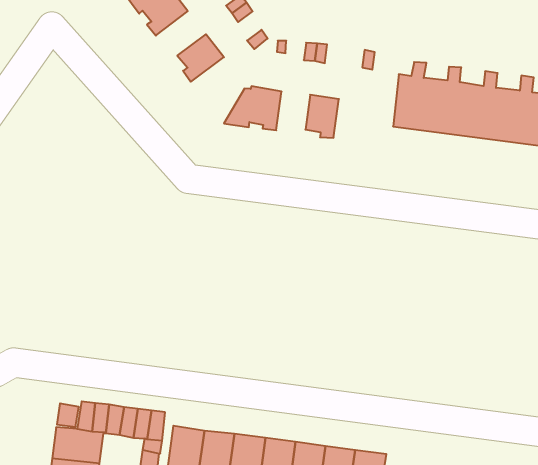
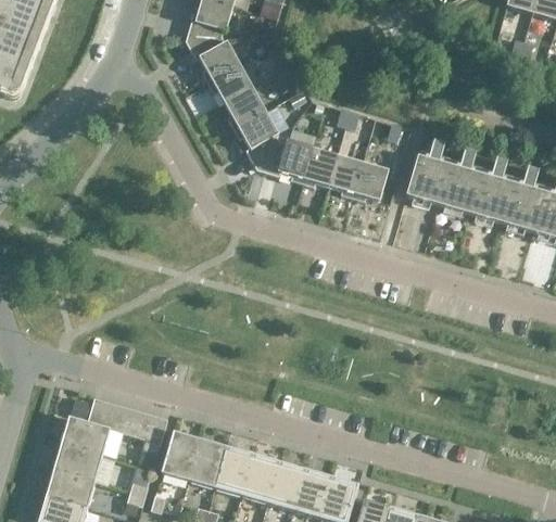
building: none -> [208,66,253,104]
building: none -> [233,112,280,170]
building: none -> [303,150,338,188]
building: none -> [353,164,389,202]

